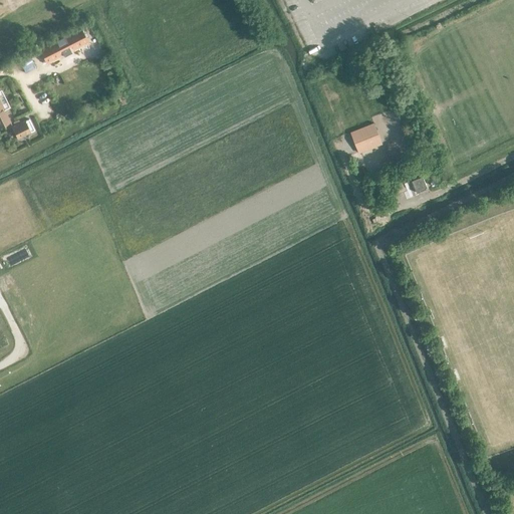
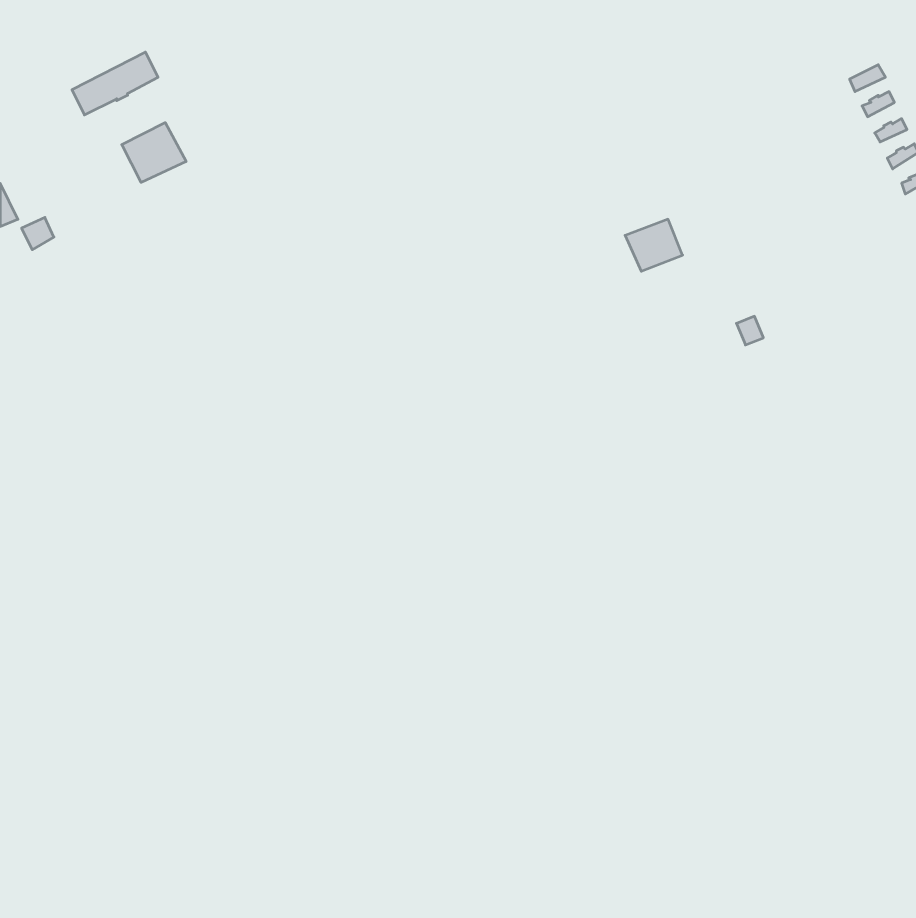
building: none -> [122,123,186,182]

